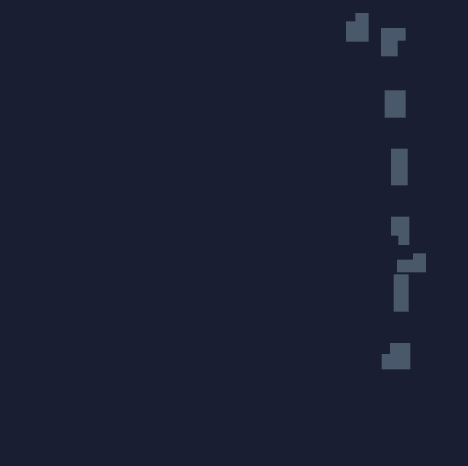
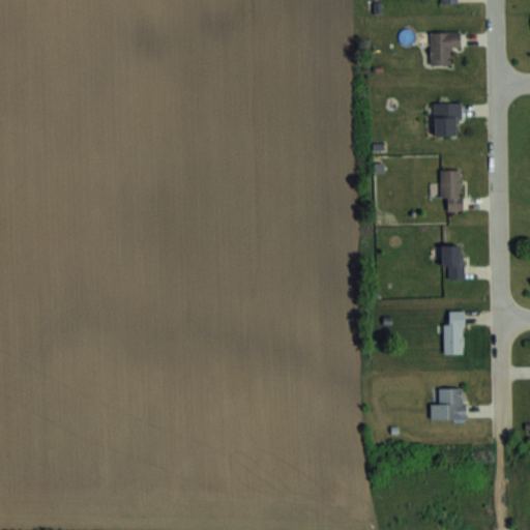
building: [345,12,369,43] -> none
building: [396,253,426,273] -> none

